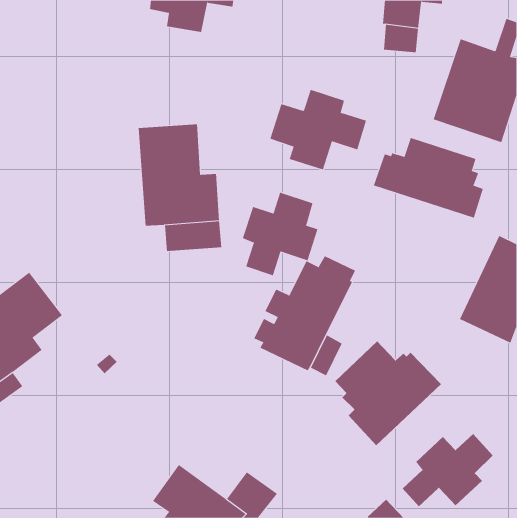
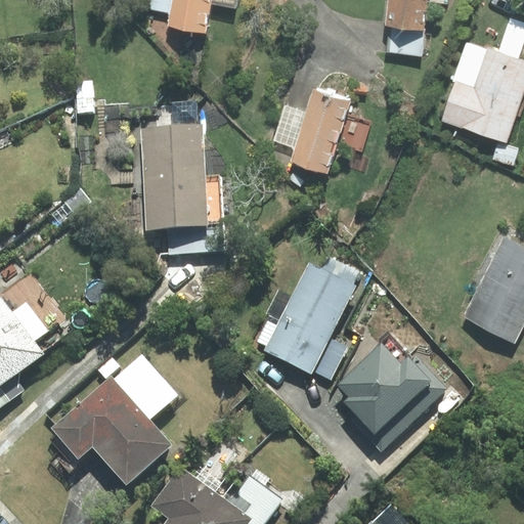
building: [373,137,484,219] -> none
building: [242,192,318,276] -> none
building: none -> [52,356,173,483]
building: [402,433,494,507] -> none

